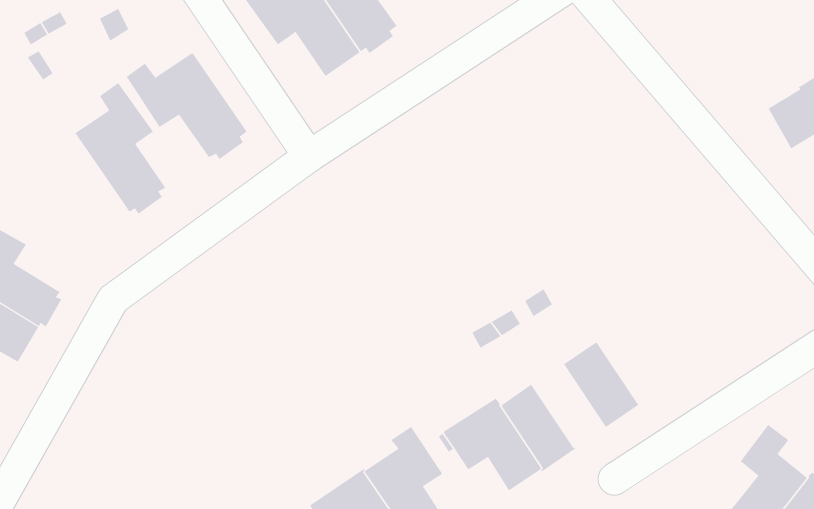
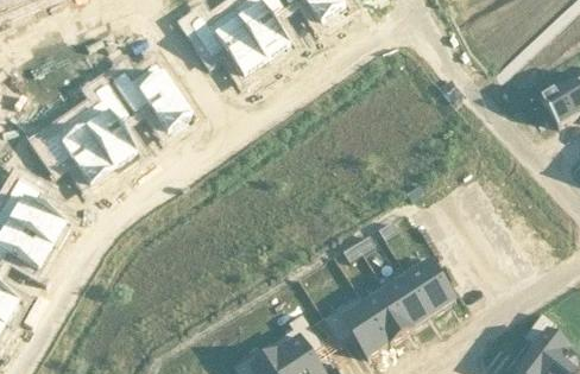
building: none -> [37,116,111,186]
building: none -> [382,272,431,328]

